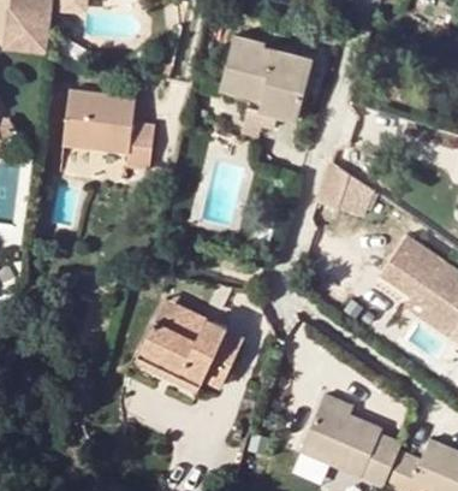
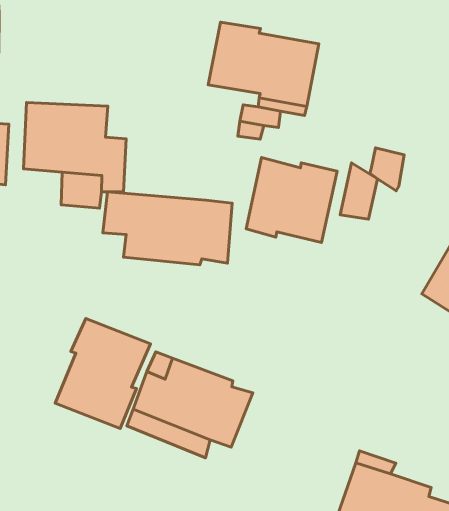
building: none -> [246,158,337,242]
building: none -> [103,192,232,265]
building: none -> [55,318,151,429]

